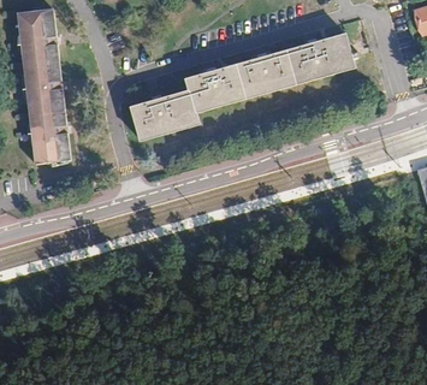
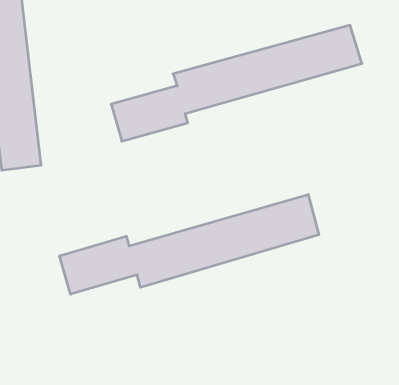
building: none -> [60,194,319,294]

